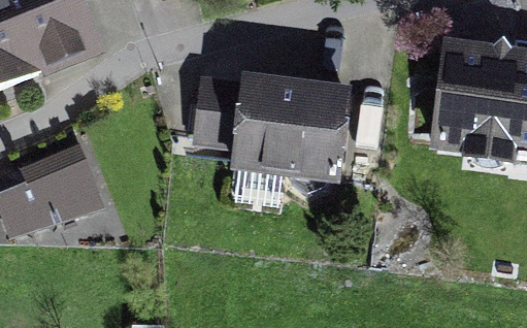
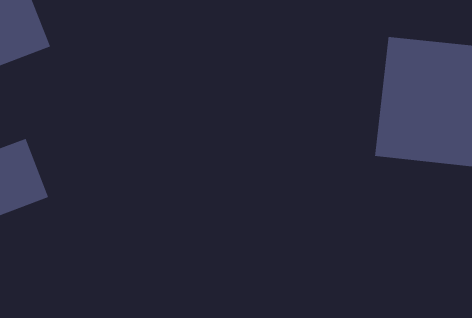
building: [237,74,352,176] -> none

